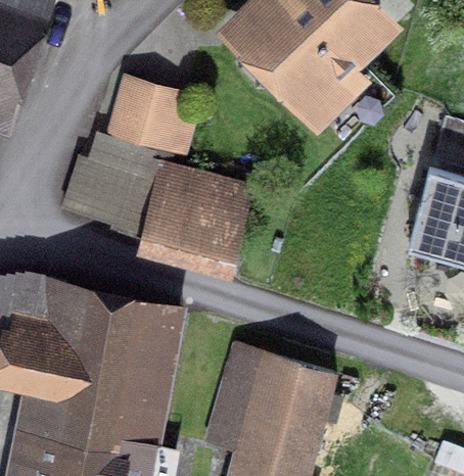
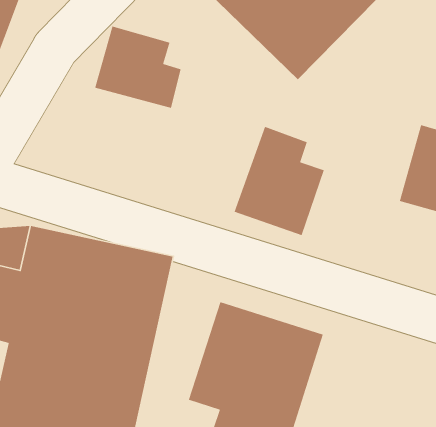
building: [61,139,253,267] -> none
building: none -> [233,126,325,236]

